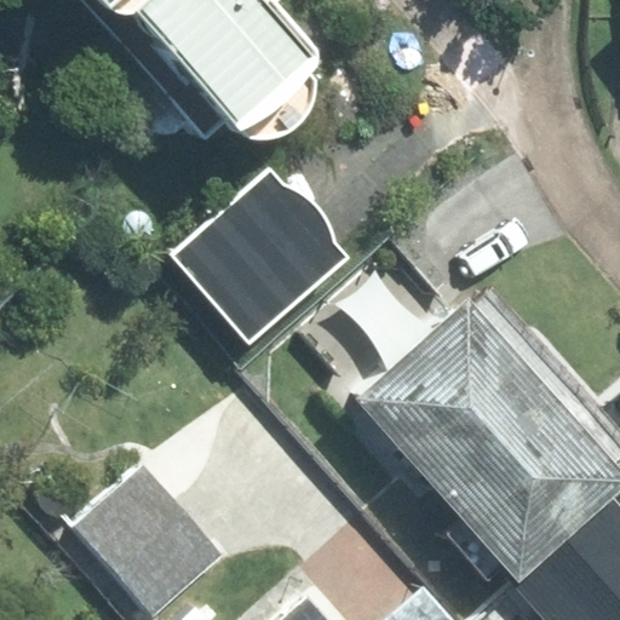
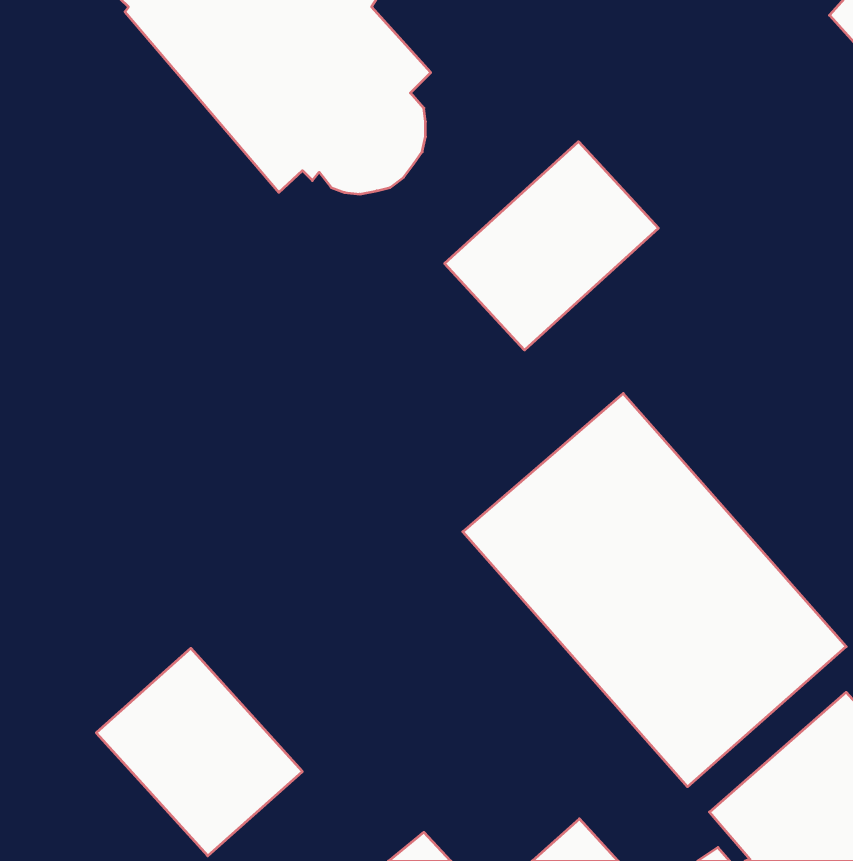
building: none -> [445,142,658,350]
building: [171,166,348,343] -> none

